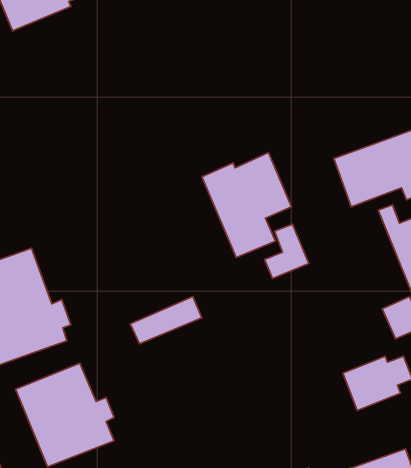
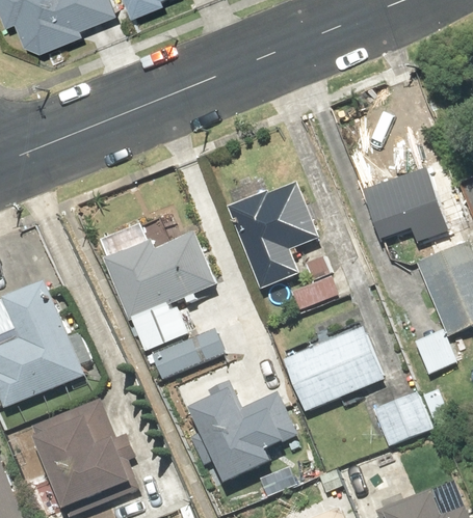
building: none -> [97,223,215,351]
building: none -> [283,328,382,412]
building: none -> [193,386,295,479]

